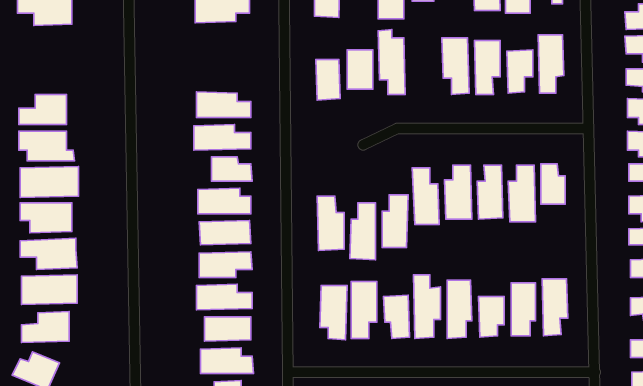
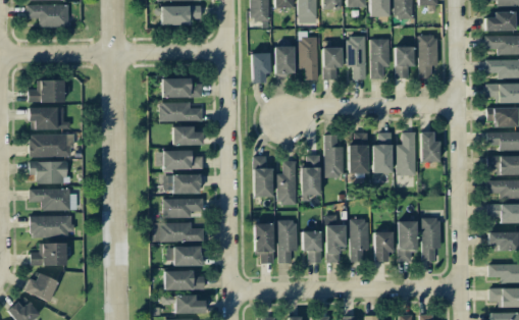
building: none -> [323,47,343,79]

